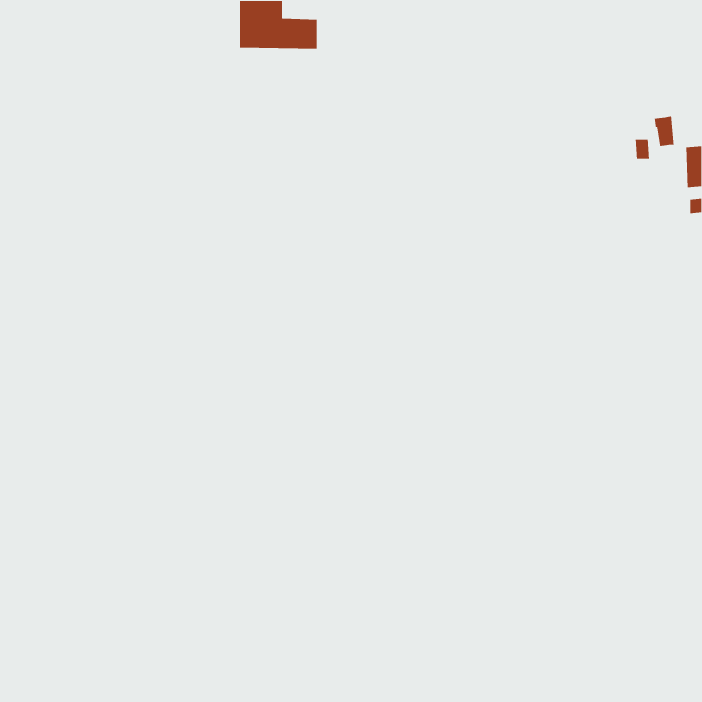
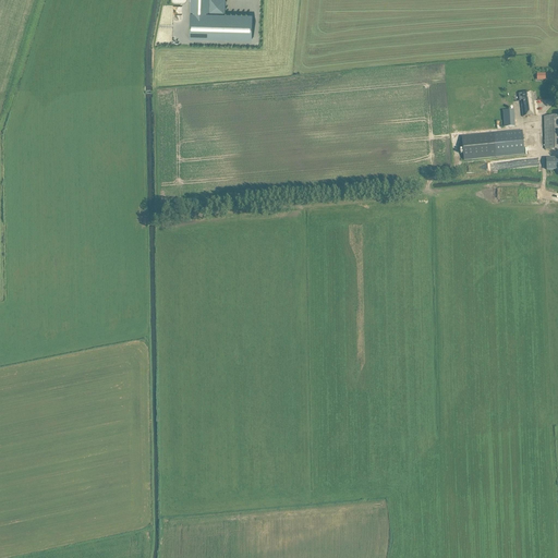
building: none -> [461,131,524,160]

